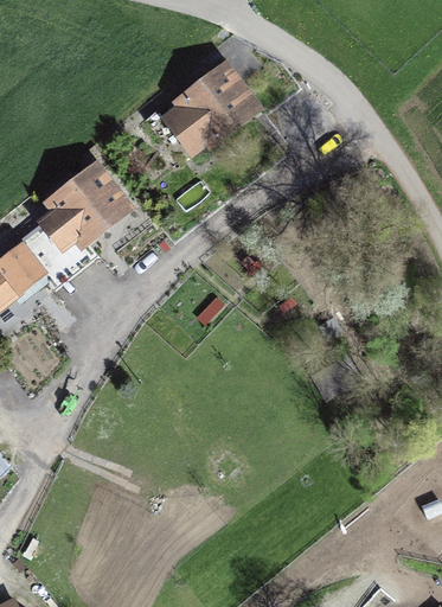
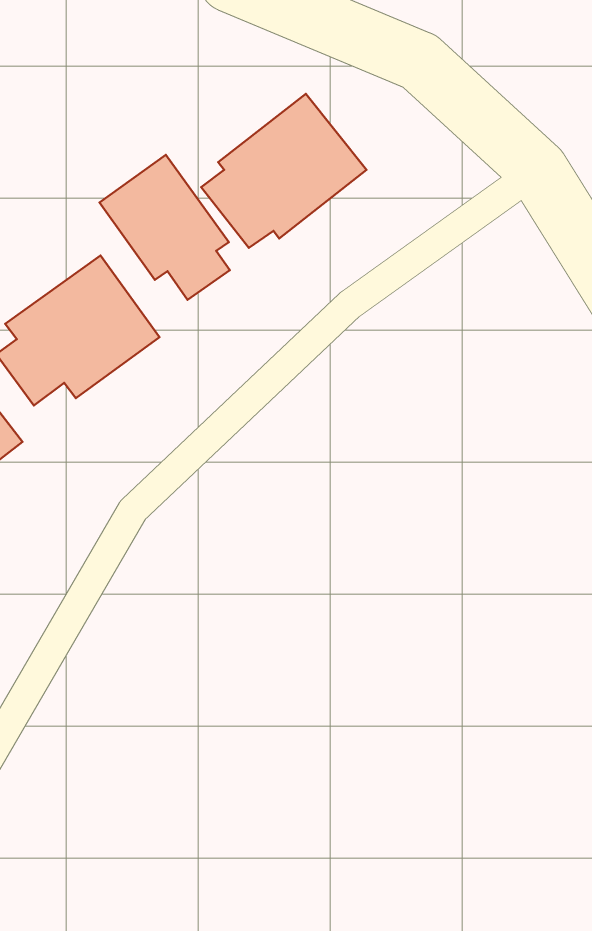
building: none -> [99,155,230,300]

